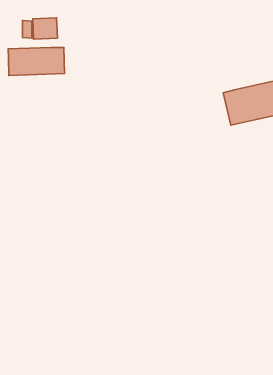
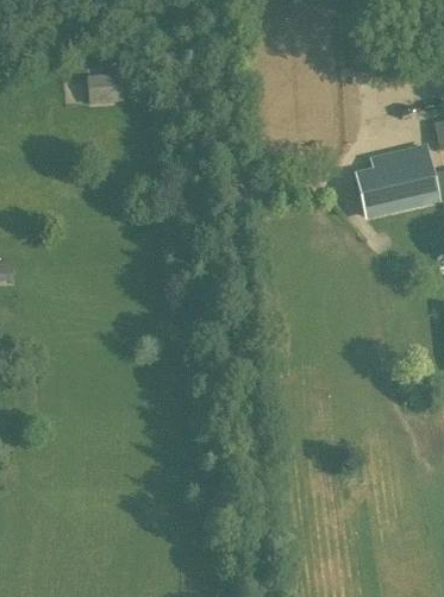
building: [8,47,64,76] -> none

